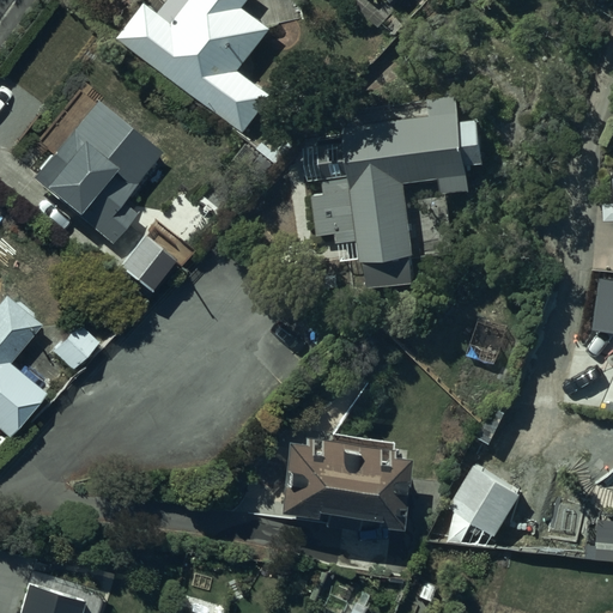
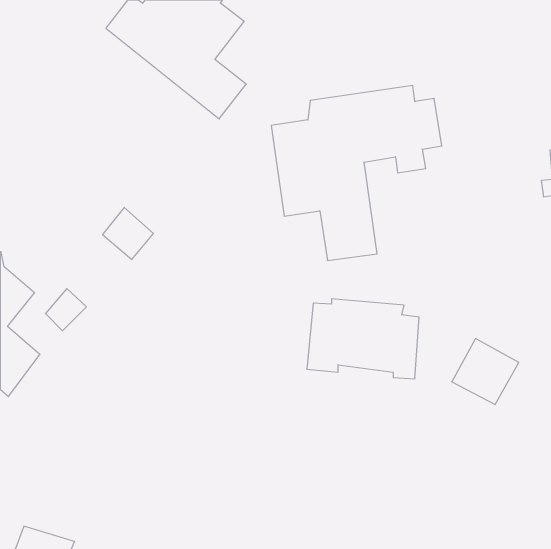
building: [31,98,159,245] -> none
building: [278,438,402,527] -> [307,299,419,379]
building: [449,465,523,538] -> [452,339,519,405]

